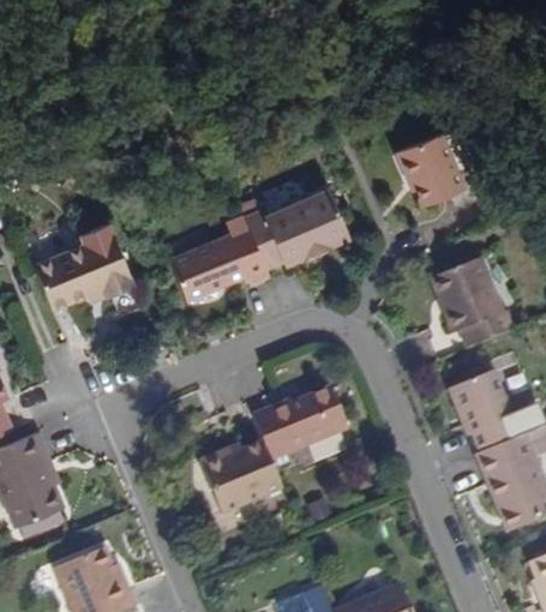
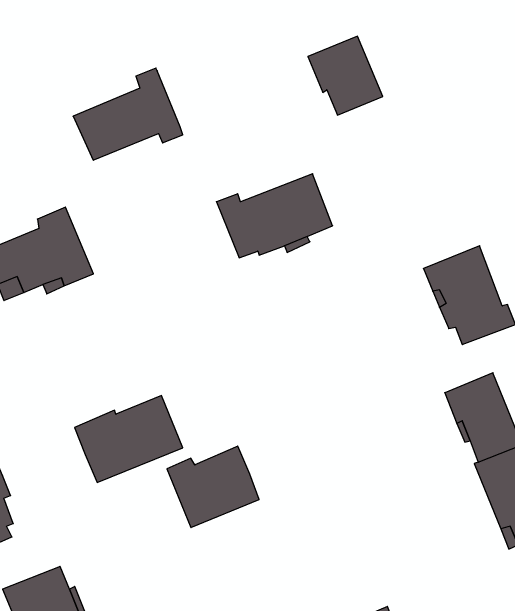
building: [397,136,464,206] -> [308,36,383,115]
building: [169,216,268,299] -> [73,68,183,160]
building: [254,385,352,463] -> [75,396,183,482]

